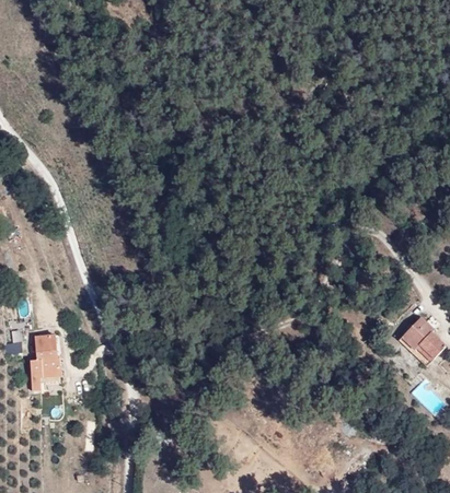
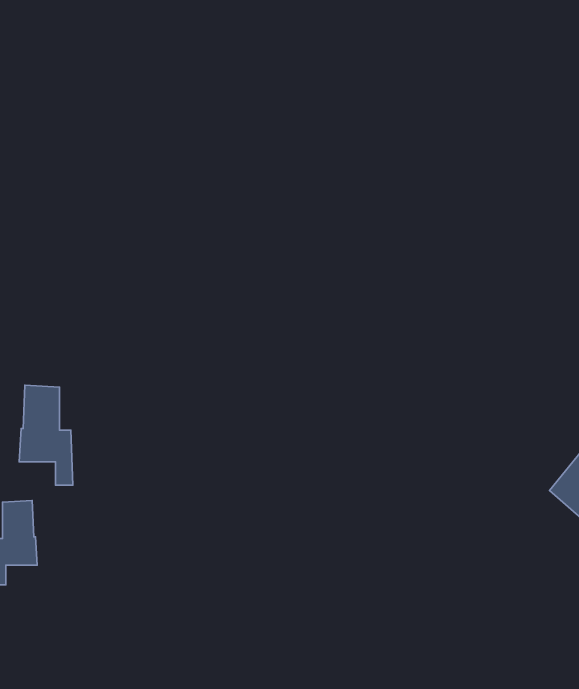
building: none -> [19,385,73,485]

